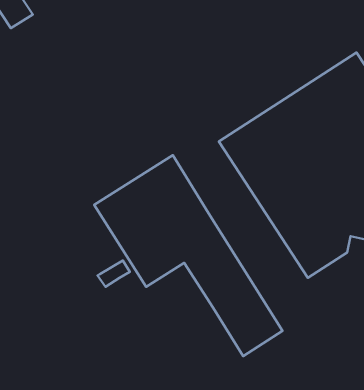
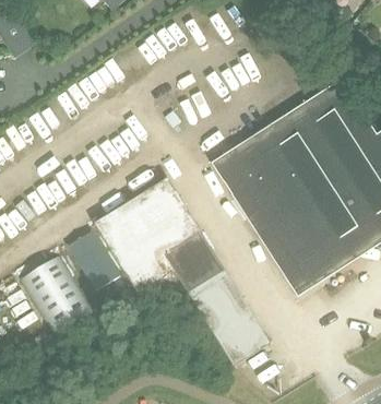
building: none -> [71,229,121,286]
building: none -> [20,254,95,335]

